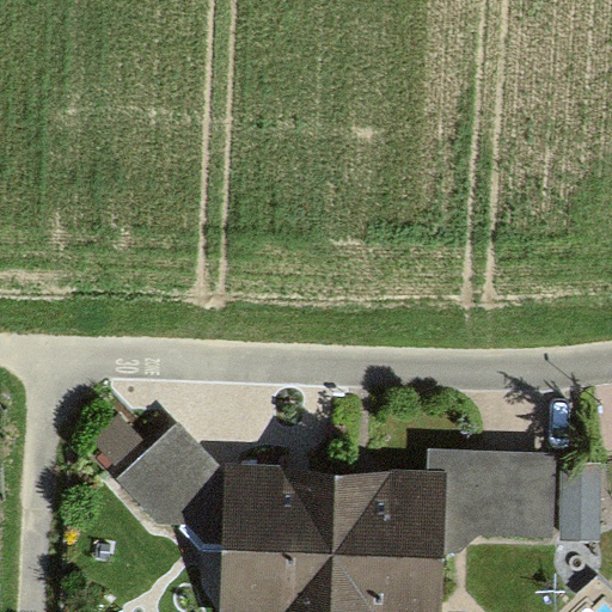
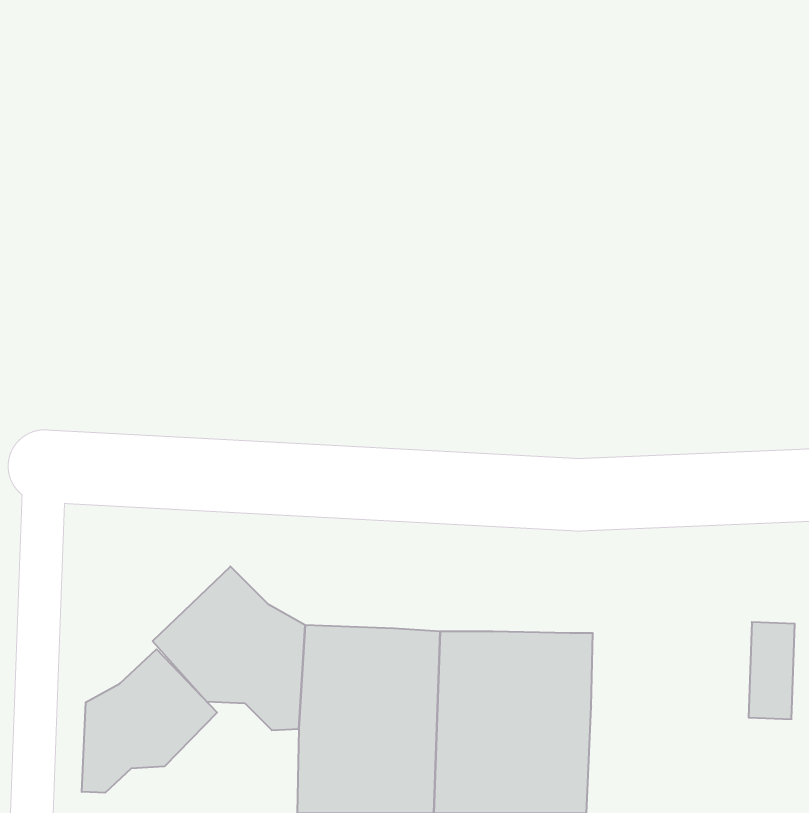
building: [429,452,547,533] -> none
building: none -> [82,649,217,793]

